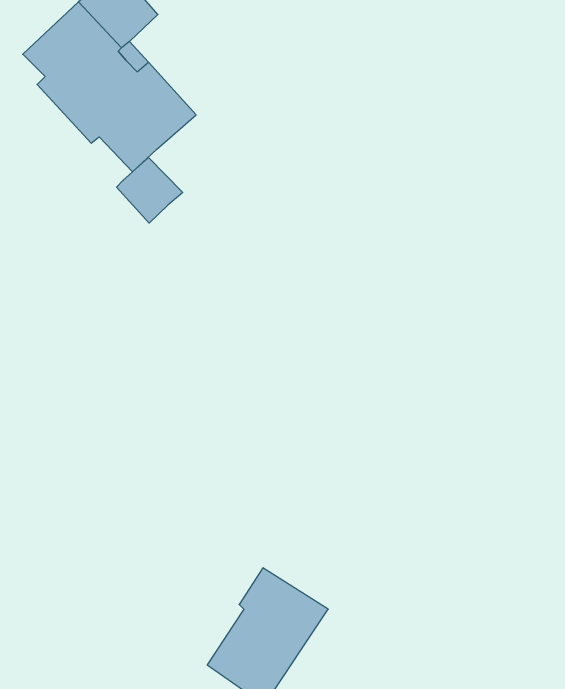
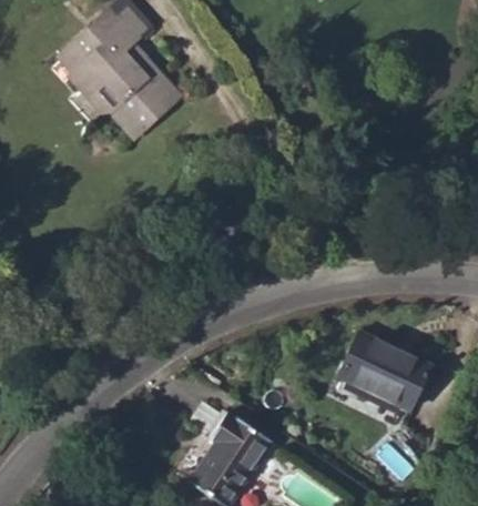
building: [117,158,183,223] -> none
building: none -> [337,332,431,412]

